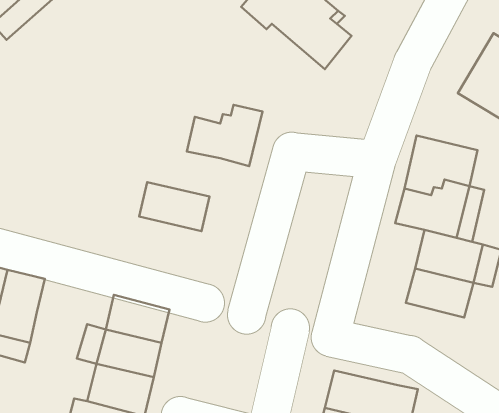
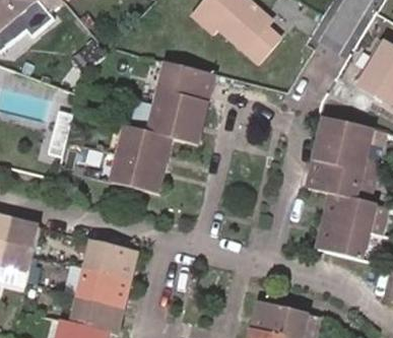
building: none -> [155,61,213,108]
building: none -> [119,123,175,163]

